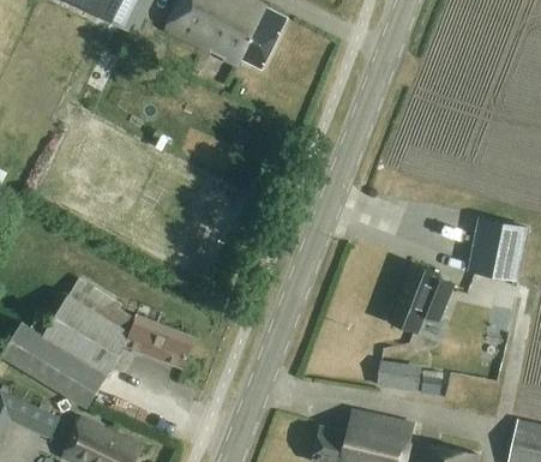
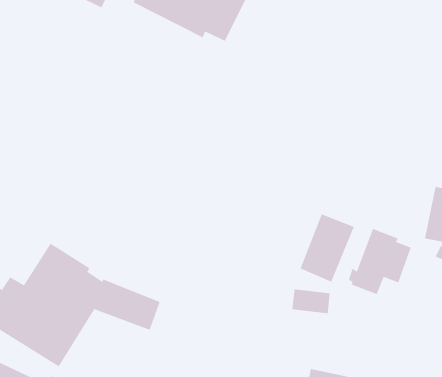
building: none -> [300,214,355,282]
building: [378,364,419,390] -> [291,289,331,314]

